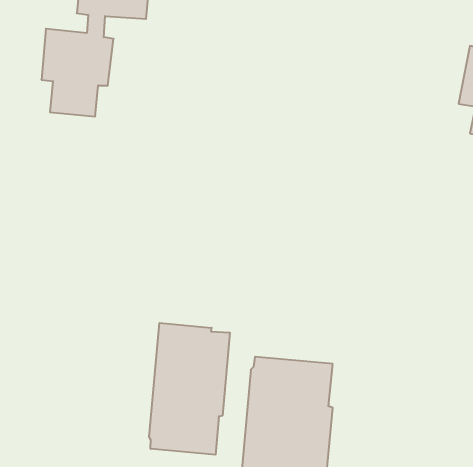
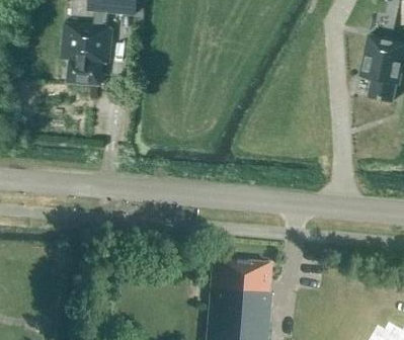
building: [149,323,230,455] -> none

